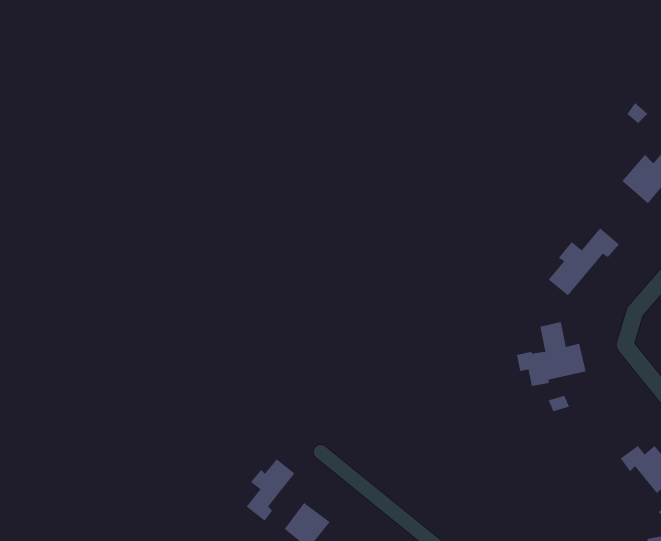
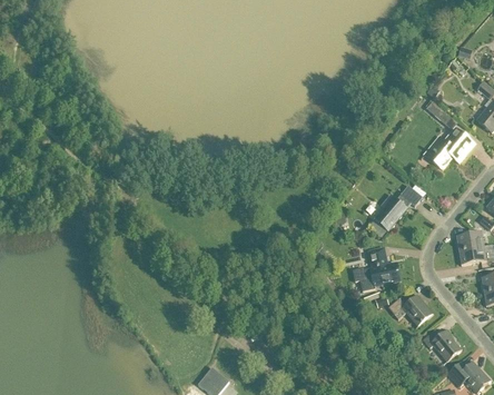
building: none -> [387,294,433,326]
building: [246,459,295,521] -> none

